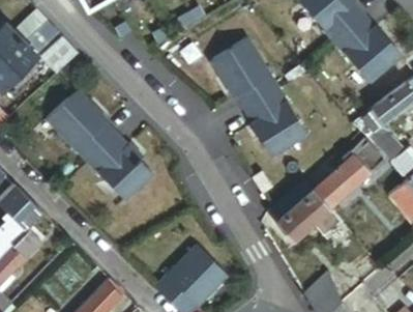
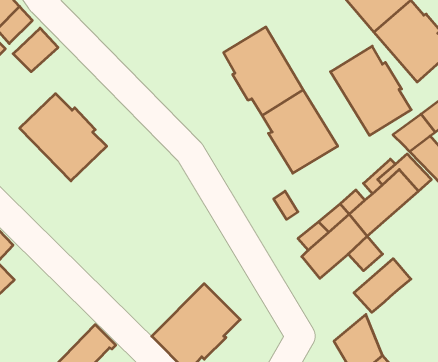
building: none -> [330,46,411,135]
building: [90,134,154,199] -> none
building: none -> [354,259,411,312]

